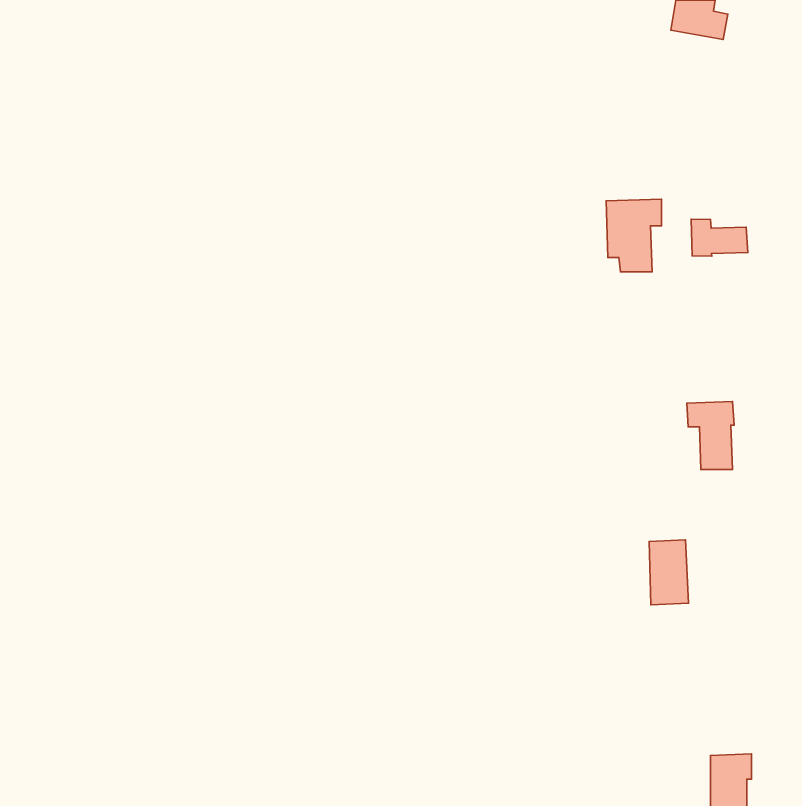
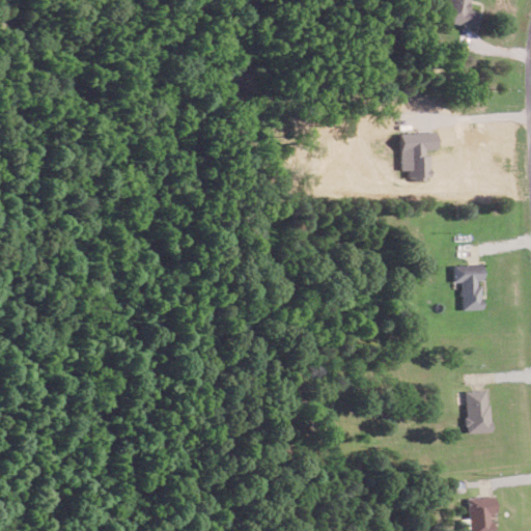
building: [691,219,748,256] -> none
building: [649,540,689,605] -> [466,390,492,432]

